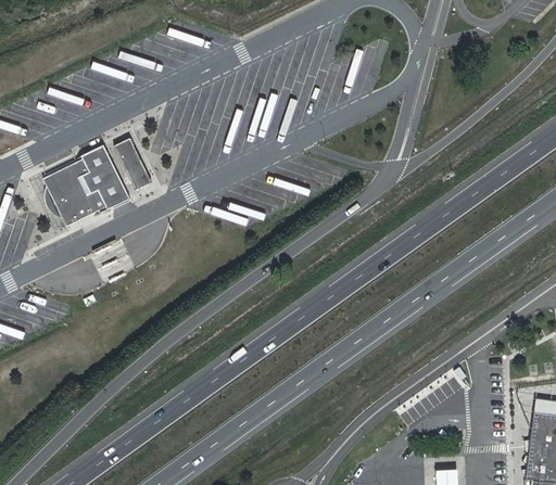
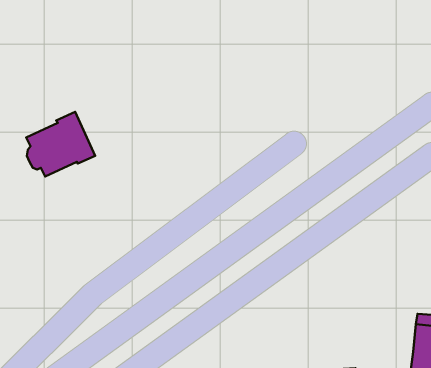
building: [114,137,152,189] -> none

